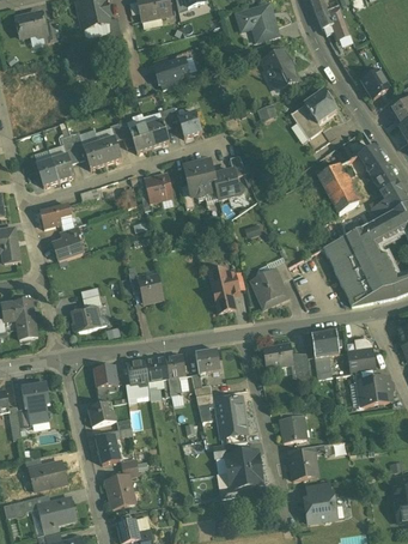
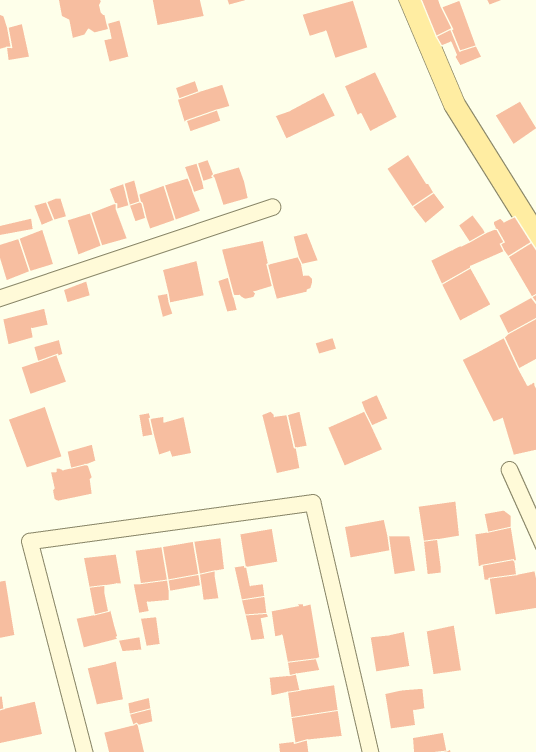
building: none -> [275,92,335,139]
building: [305,90,336,122] -> none
building: [323,237,373,303] -> none
building: none -> [8,406,62,468]
building: none -> [426,625,462,675]

